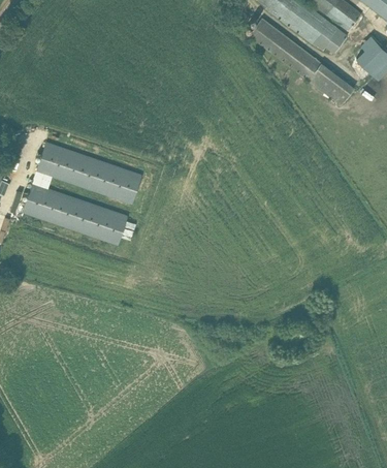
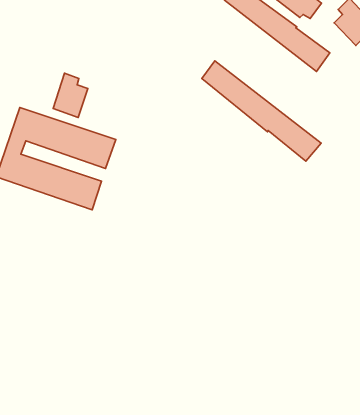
building: none -> [202,61,321,161]
building: none -> [53,73,88,118]

